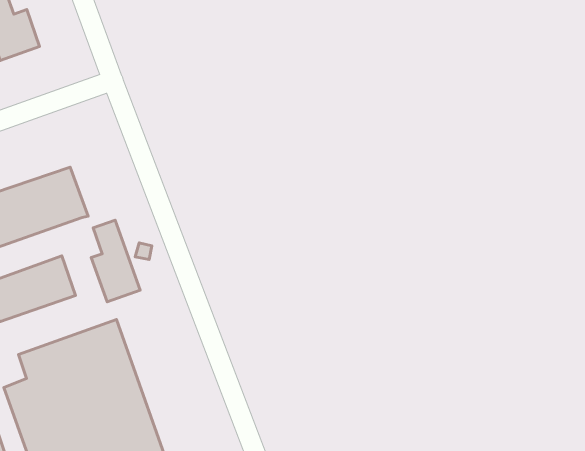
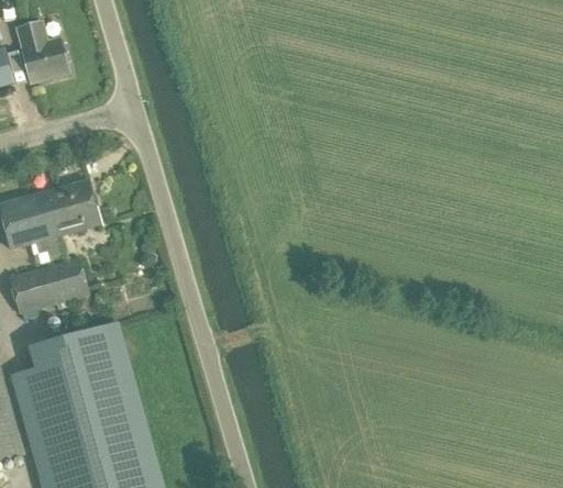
building: [91,220,140,302] -> none

